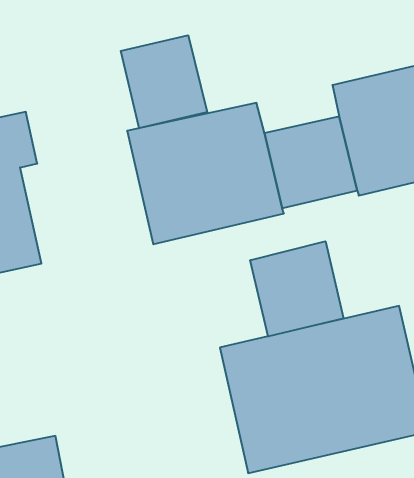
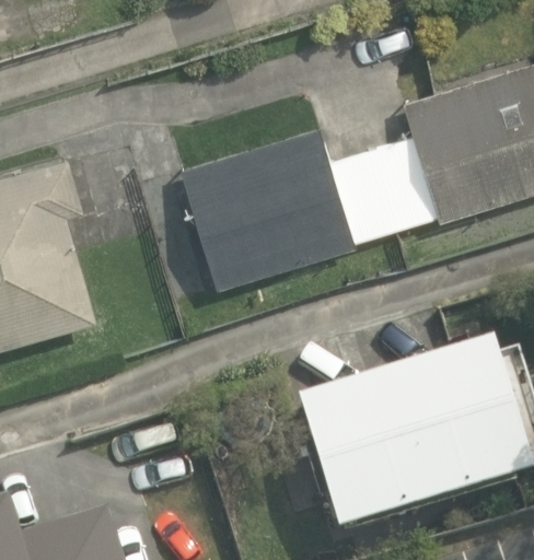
building: [121,35,207,128] -> none
building: [250,241,344,336] -> none

